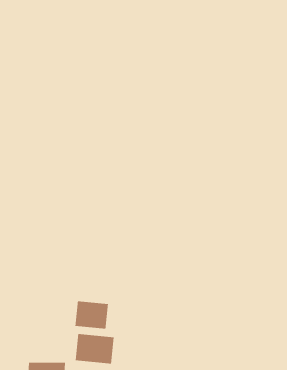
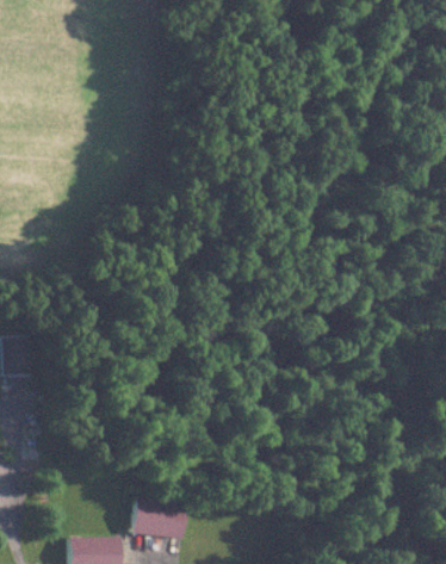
building: [75,301,108,329] -> none

